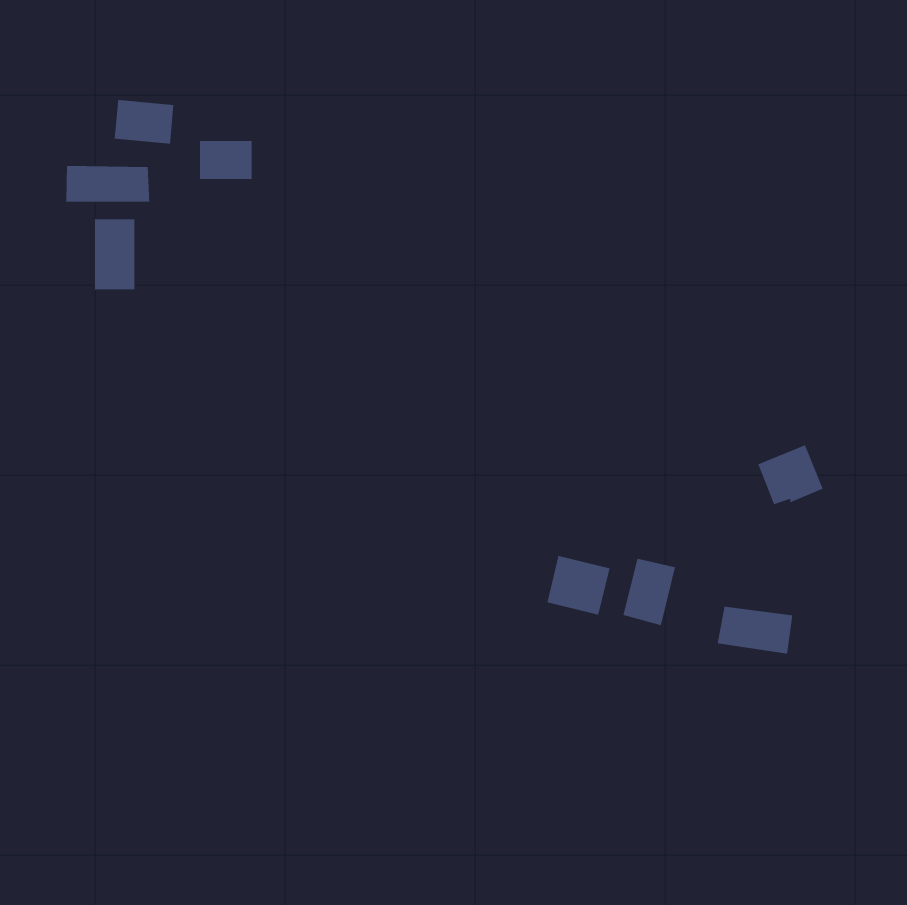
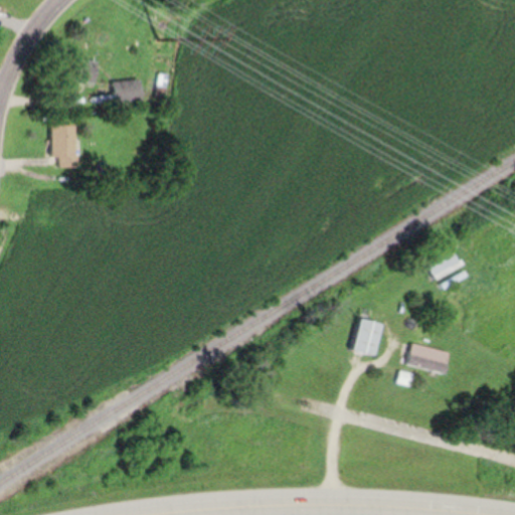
building: [66,165,150,203] -> none
building: [547,555,610,615] -> none

